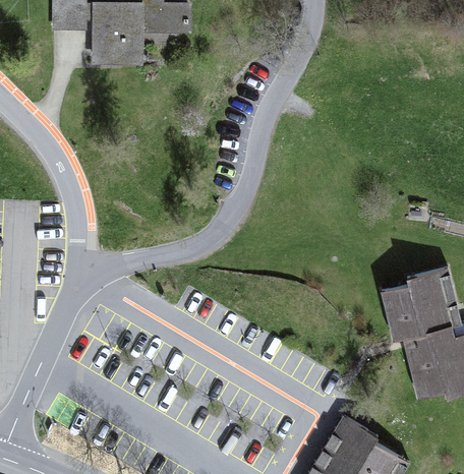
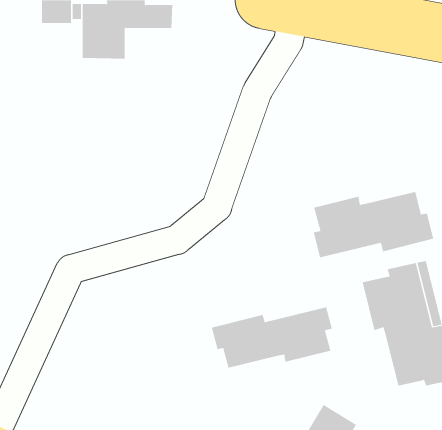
building: none -> [313,191,434,258]
building: none -> [211,307,332,368]

